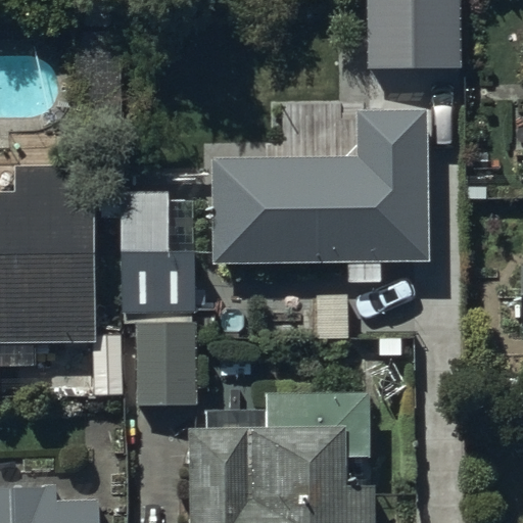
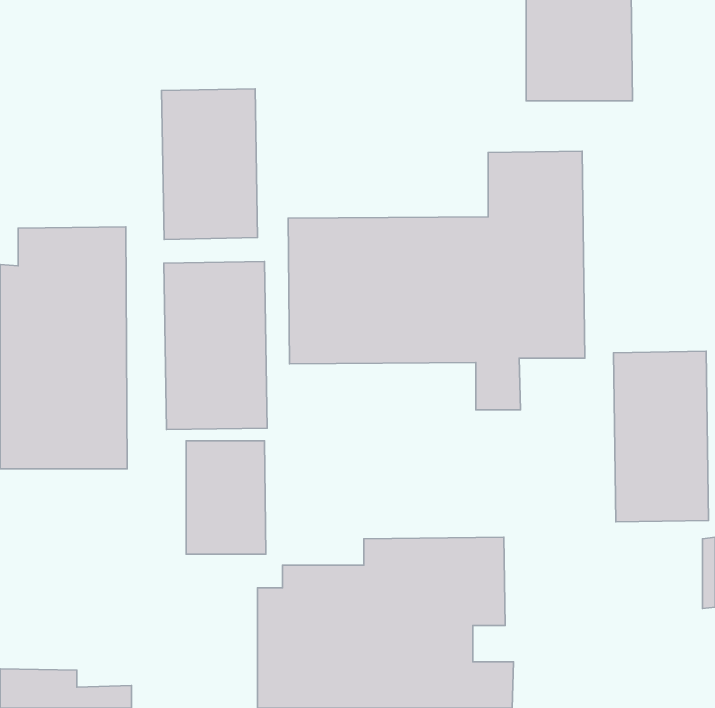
building: none -> [162,89,258,239]
building: none -> [614,351,708,522]

